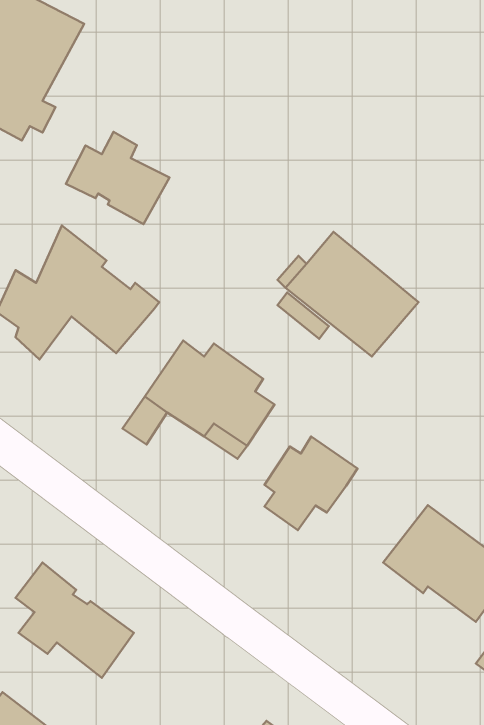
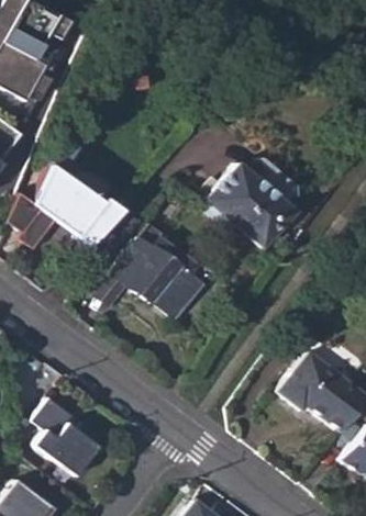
building: [66,132,170,224] -> none
building: [264,437,358,530] -> none

